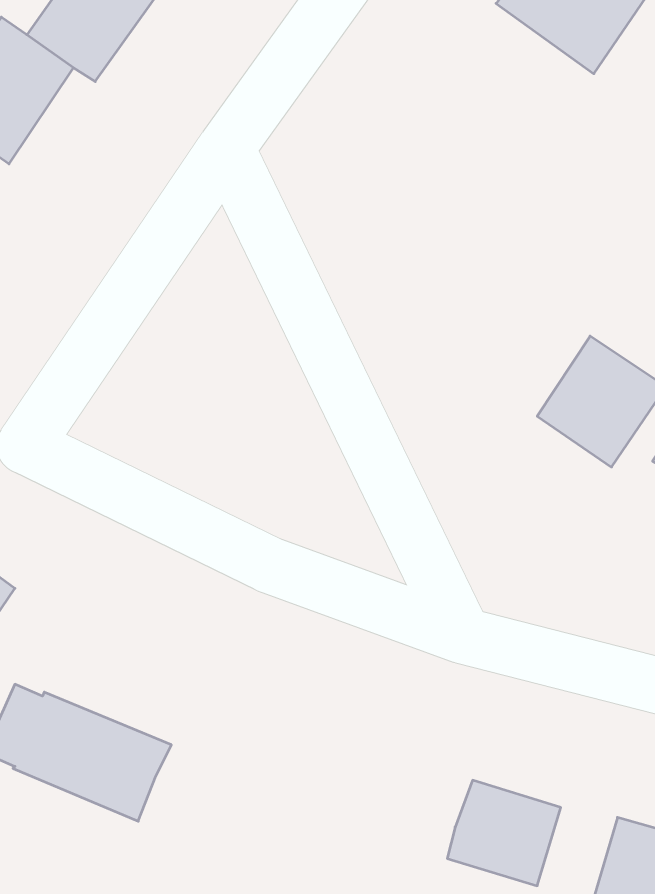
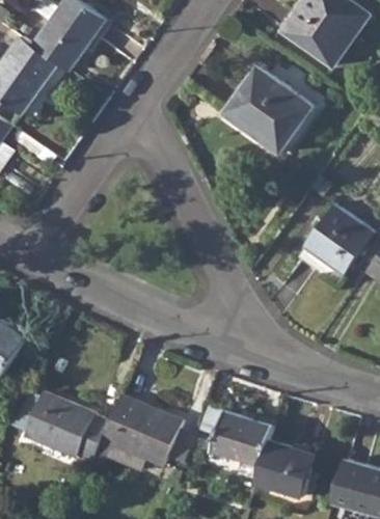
building: none -> [224,66,313,152]
building: none -> [101,397,183,466]
building: none -> [211,410,273,466]

